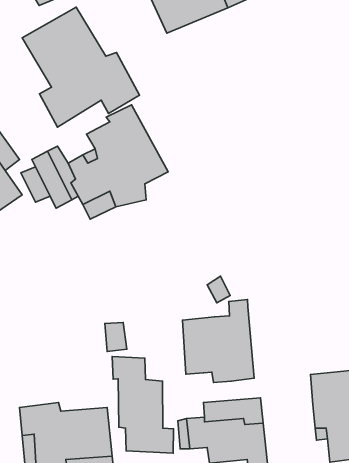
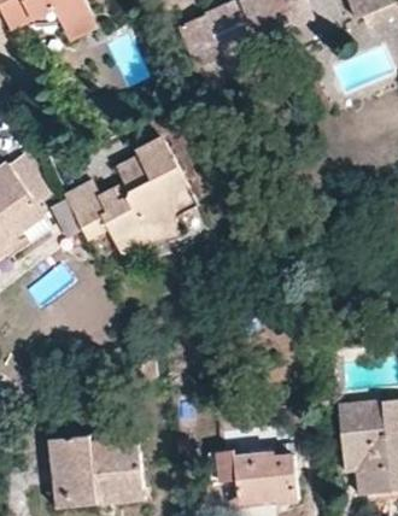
building: [22,7,140,127] -> none
building: [182,300,254,383] -> none
building: [112,356,173,453] -> none

